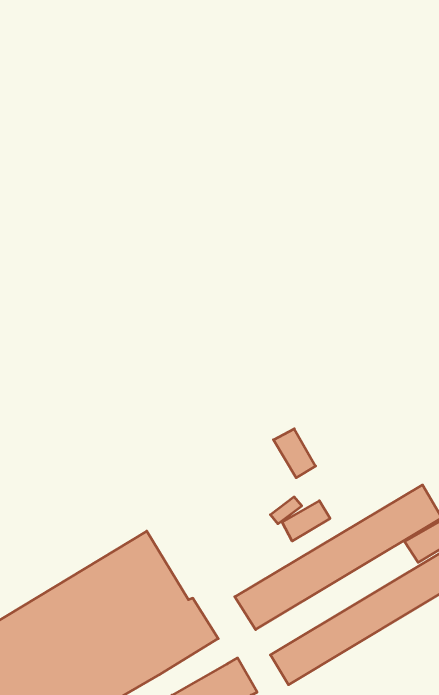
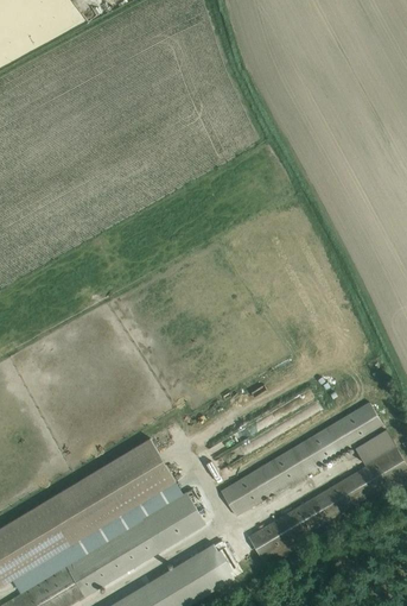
building: [273,429,316,478] -> none
building: [282,501,330,541] -> none

